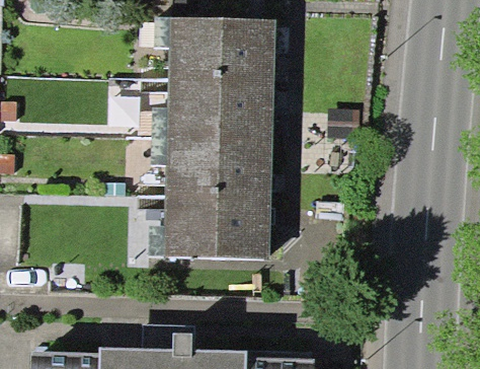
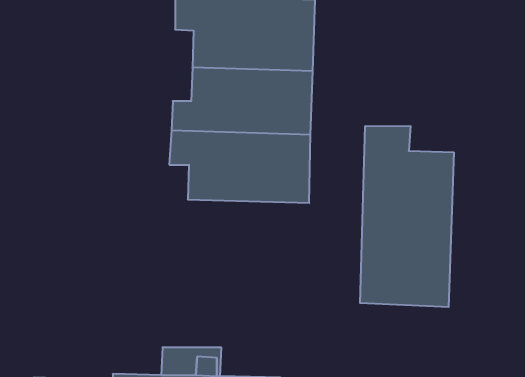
building: none -> [360,126,454,307]
building: [148,195,271,259] -> none

